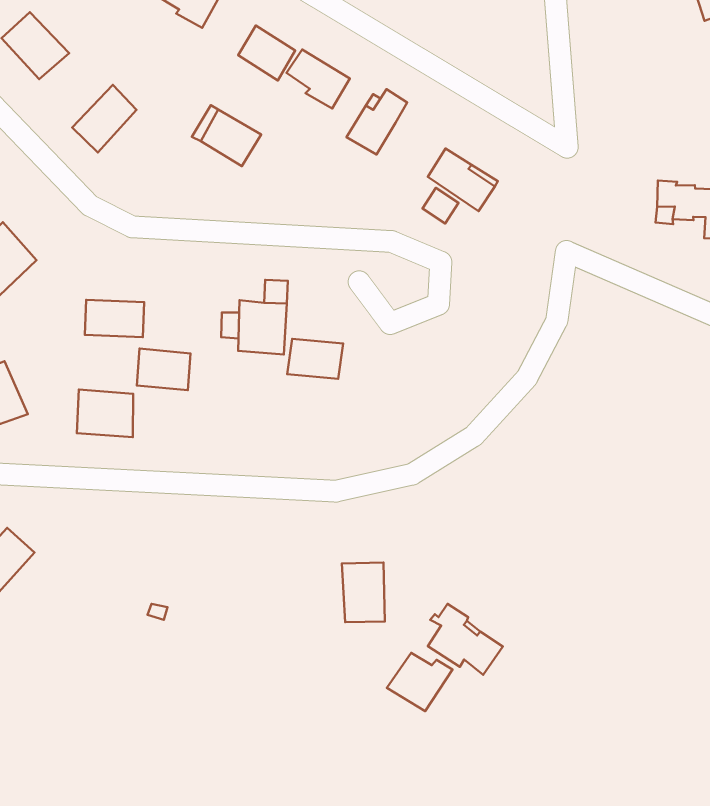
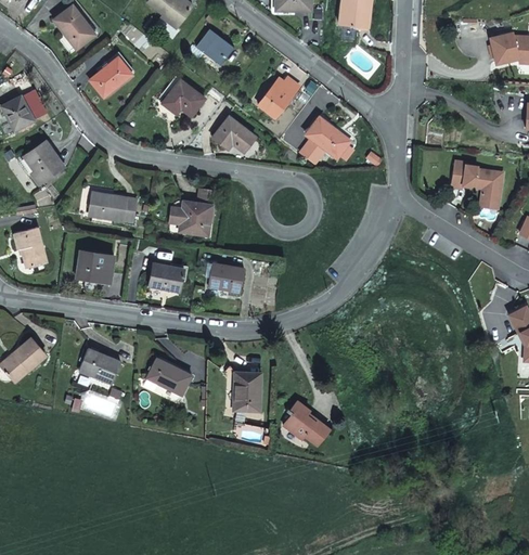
building: [286,50,350,108] -> none
building: none -> [219,120,261,155]
building: [287,339,343,379] -> [208,267,245,295]
building: [137,349,191,390] -> [149,263,184,293]
building: none -> [75,344,117,378]
building: none -> [144,357,190,395]
building: [387,653,452,711] -> none

